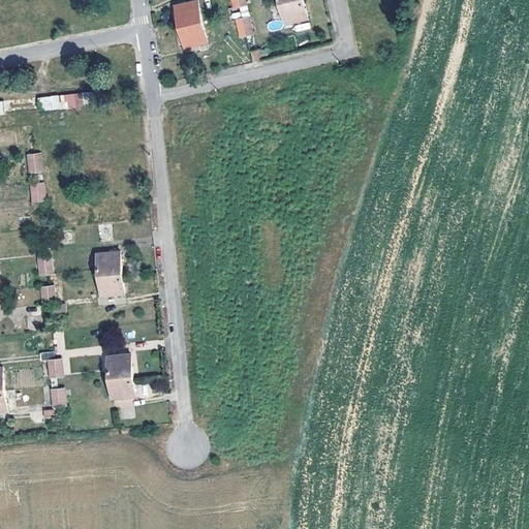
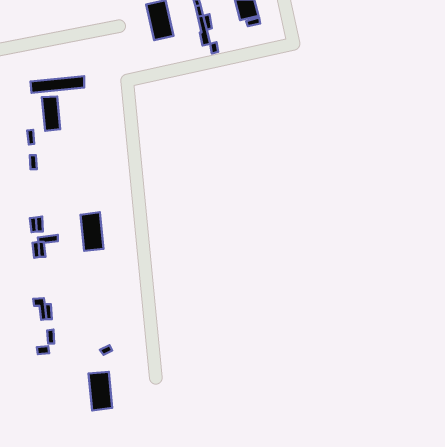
building: none -> [42,96,60,131]
building: [105,353,133,399] -> [89,372,112,410]

